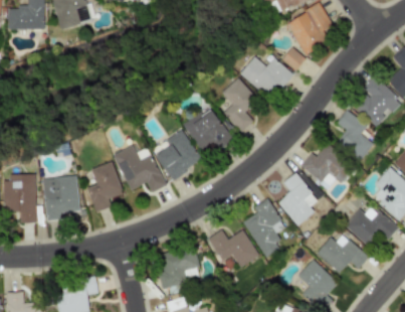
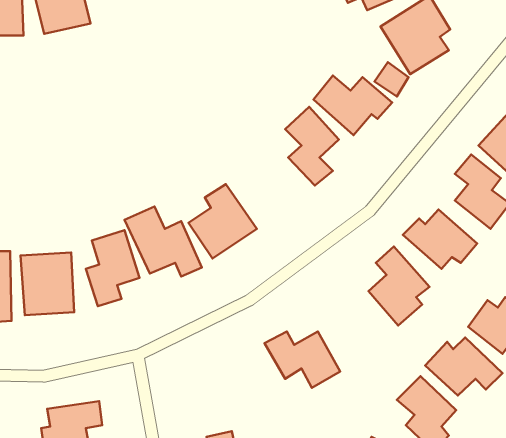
building: [183,109,232,151] -> none
building: [242,198,284,258] -> none
building: [155,247,198,289] -> none

